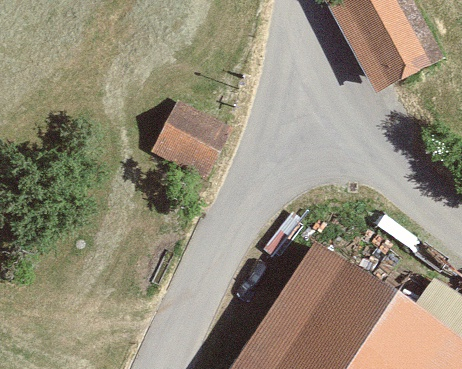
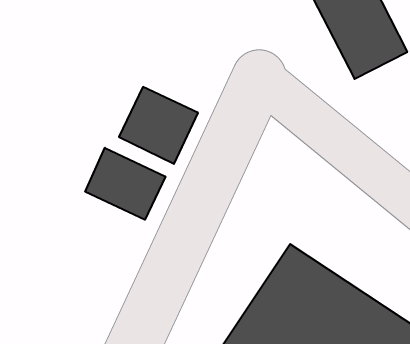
building: none -> [85,148,165,220]

